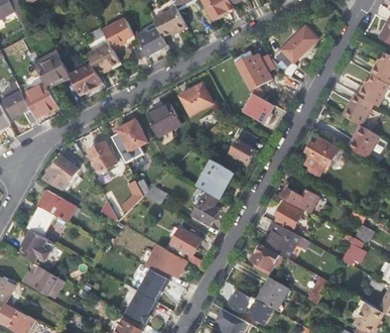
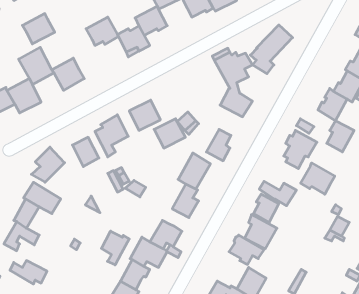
building: [86,41,119,73] -> [22,14,55,44]
building: [179,84,212,114] -> [154,119,185,148]
building: none -> [301,163,335,194]
building: none -> [101,231,129,265]

